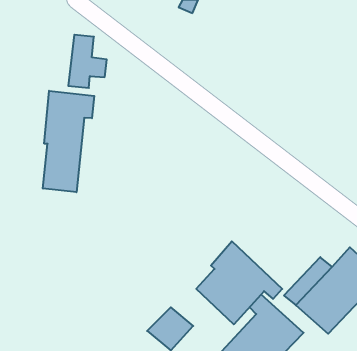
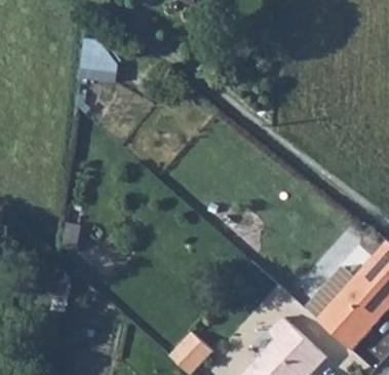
building: [43,91,94,192] -> none
building: [196,241,282,324] -> none

